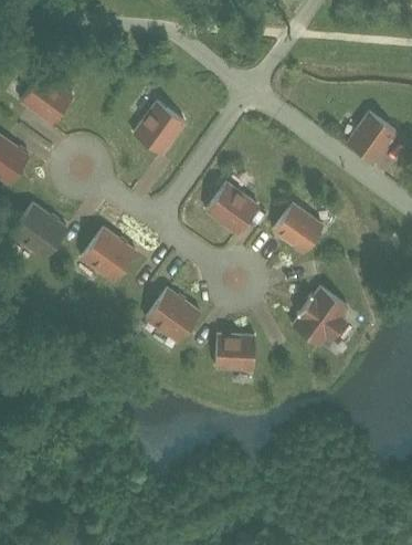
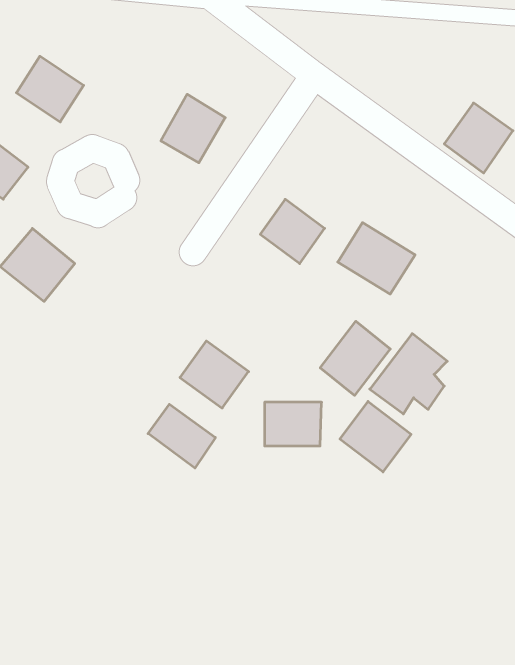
building: [78,227,135,283] -> none
building: none -> [320,321,390,395]
building: none -> [340,401,411,472]
building: none -> [148,404,215,468]

